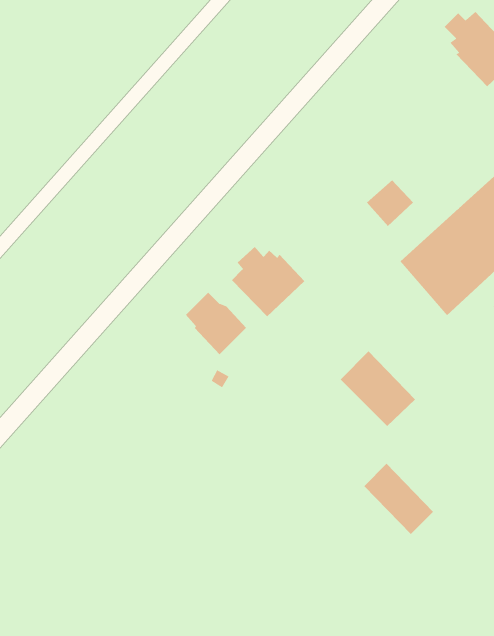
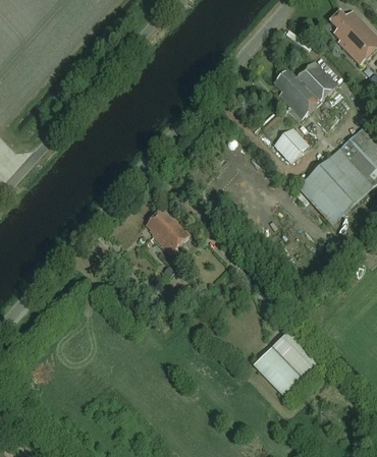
building: none -> [273,59,336,118]
building: [231,246,305,317] -> none
building: [340,351,416,427] -> [251,345,305,399]

